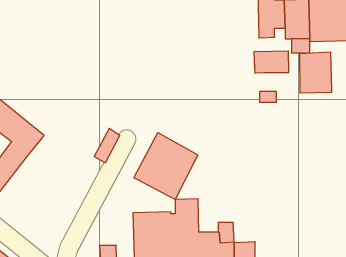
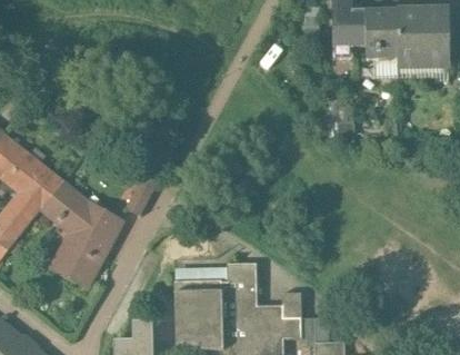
building: [254,51,288,73] -> none
building: [300,52,331,93] -> none
building: [134,133,198,200] -> none
building: none -> [40,185,120,285]

